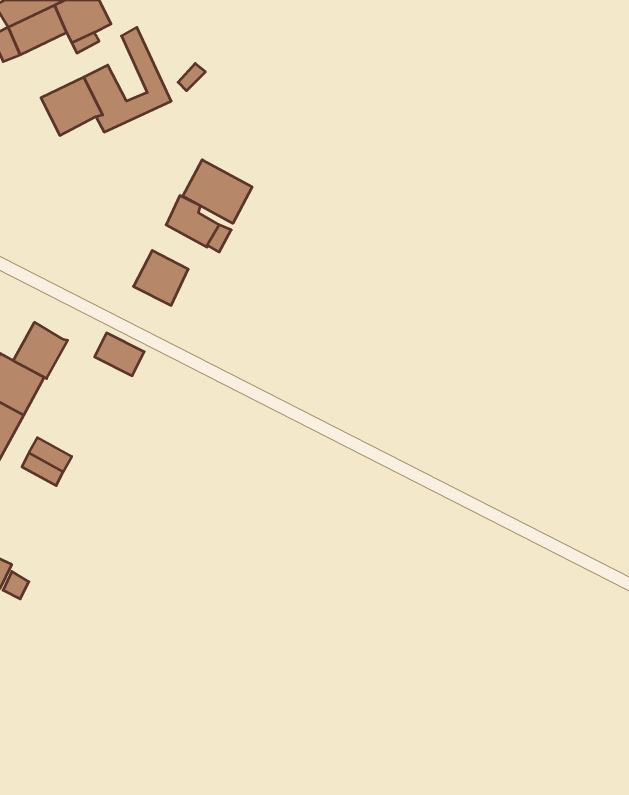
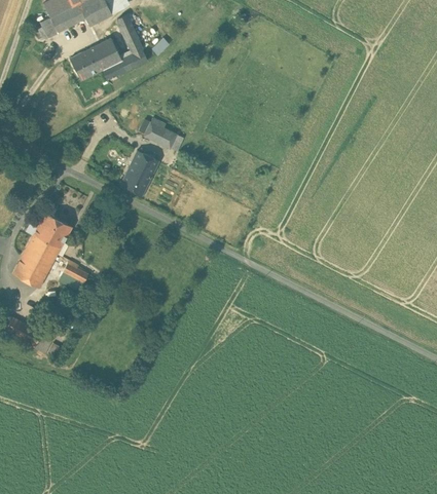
building: [183,160,252,223] -> none
building: [13,322,68,379] -> none
building: [95,333,144,376] -> [118,172,148,197]

